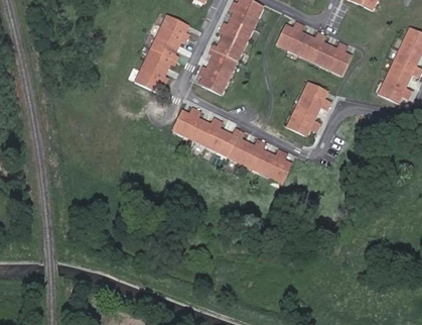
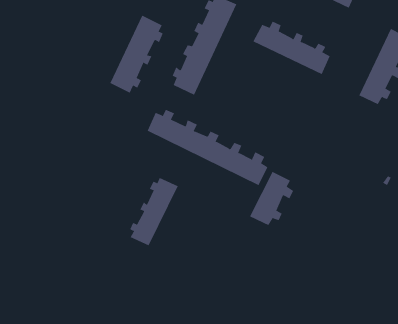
building: [287,83,330,136] -> [249,171,294,226]
building: none -> [130,177,178,246]

